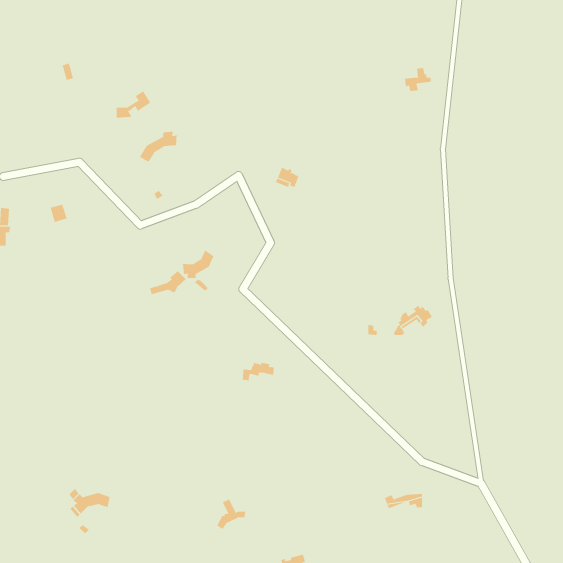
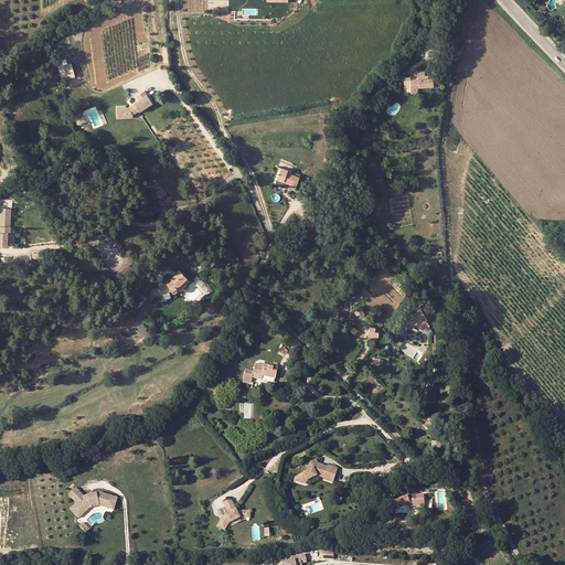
building: [139,131,177,163] -> none
building: [182,249,214,279] -> none
building: none -> [294,460,337,486]

